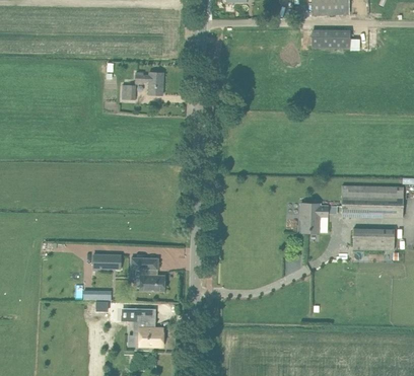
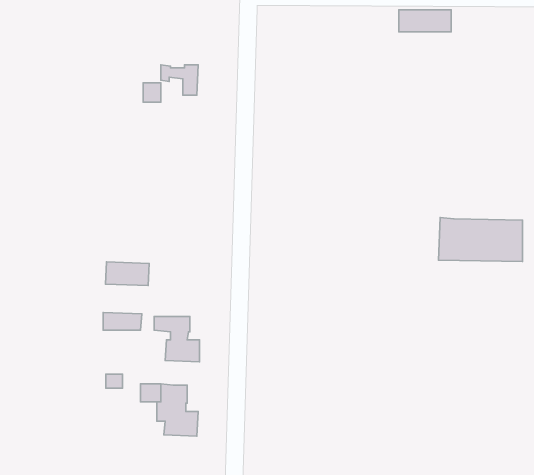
building: [300,203,327,231] -> none
building: none -> [106,262,149,286]
building: [353,227,395,248] -> none

